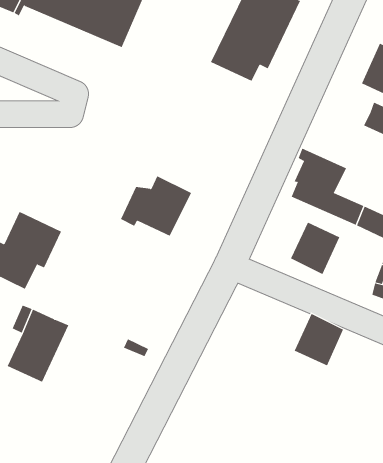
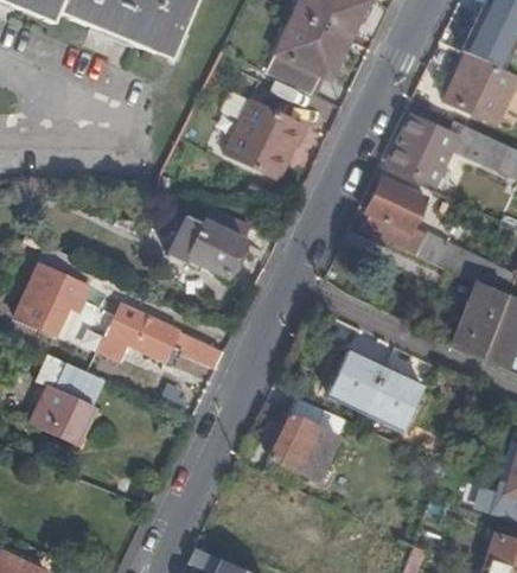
building: none -> [226,100,305,178]
building: none -> [387,112,453,183]
building: [290,222,340,275] -> [327,348,385,409]
building: none -> [97,303,222,369]
building: none -> [268,397,349,484]

